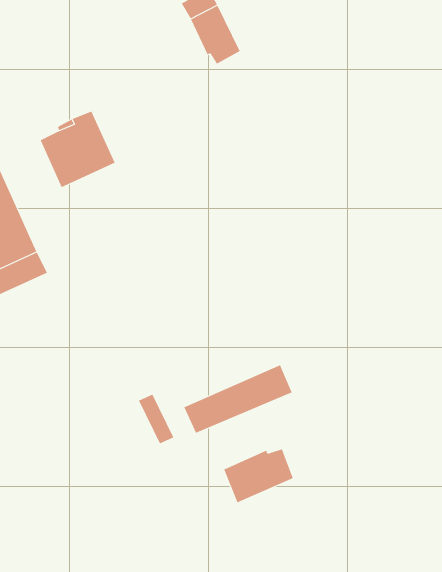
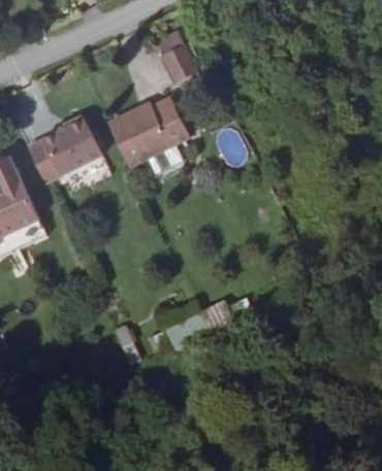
building: none -> [110,101,193,175]
building: [223,449,293,503] -> none

